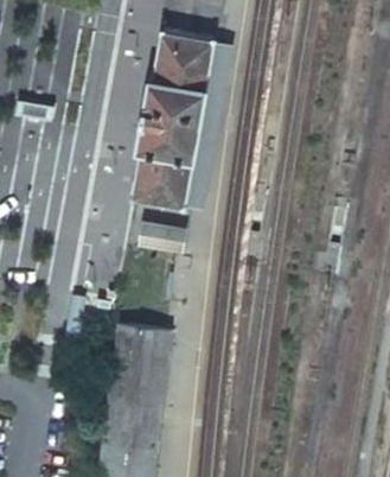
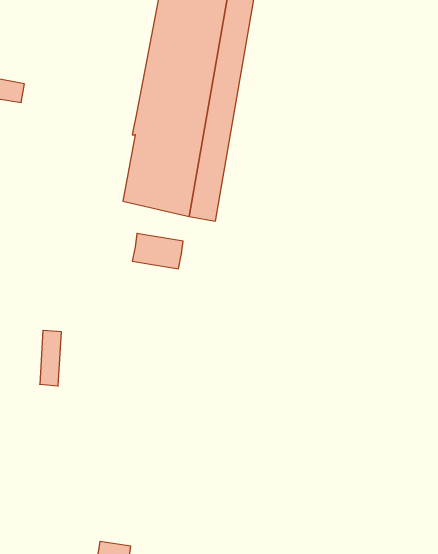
building: [100,329,173,453] -> none

